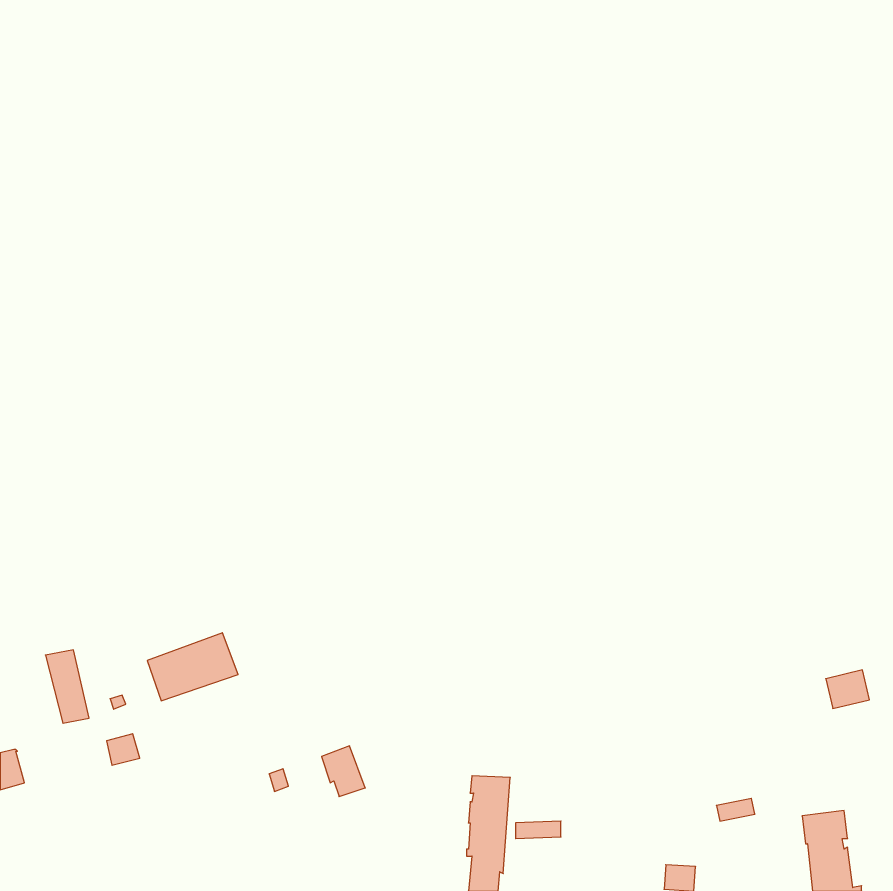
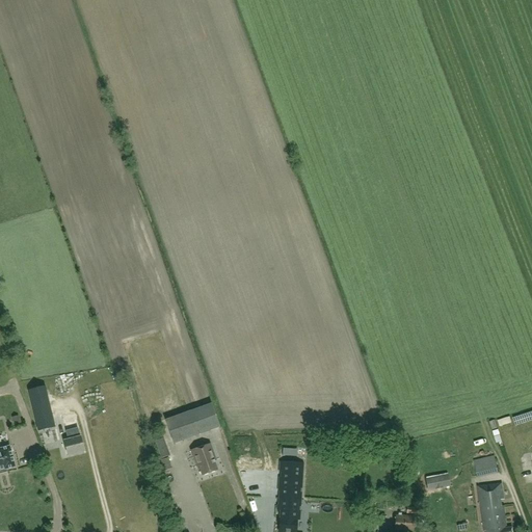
building: [147,633,238,701] -> [165,402,219,443]
building: [826,670,869,708] -> [473,454,499,477]

